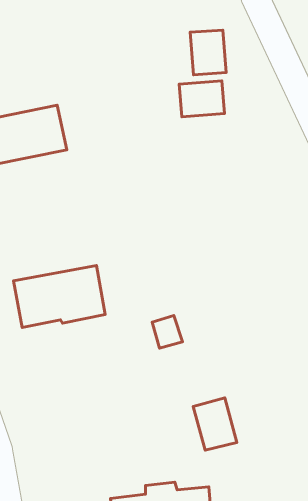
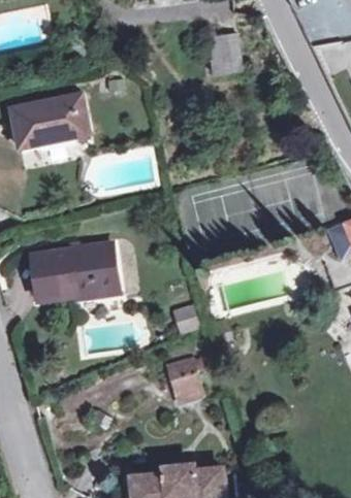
building: [179,81,225,117] -> none
building: [193,398,237,450] -> [164,352,205,401]

